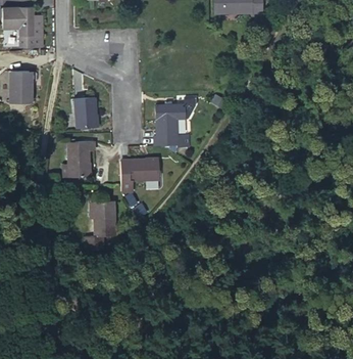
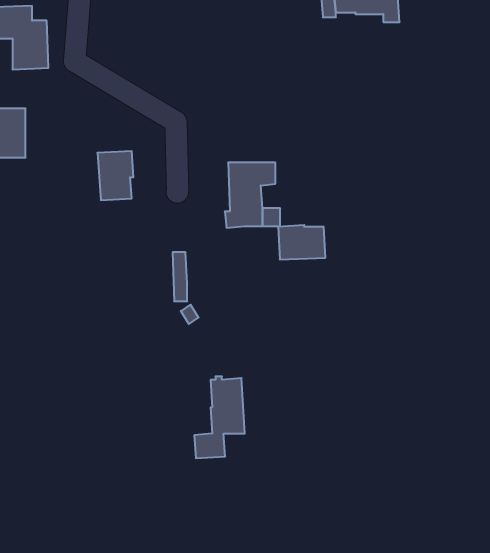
building: [68,142,90,177] -> none
building: [130,160,159,181] -> [278,225,325,259]
building: [85,199,116,251] -> [194,376,245,458]

